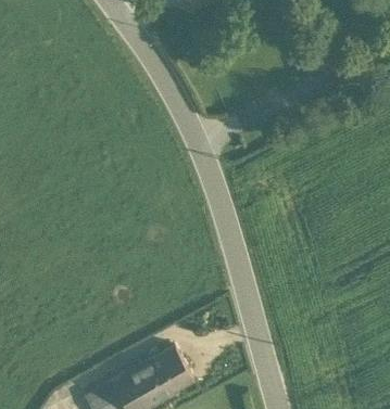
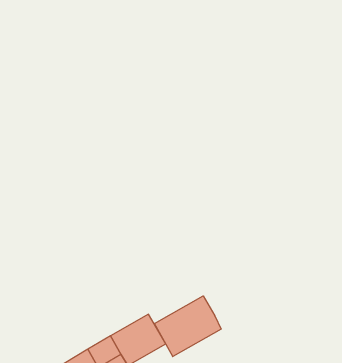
building: none -> [155,296,221,357]

